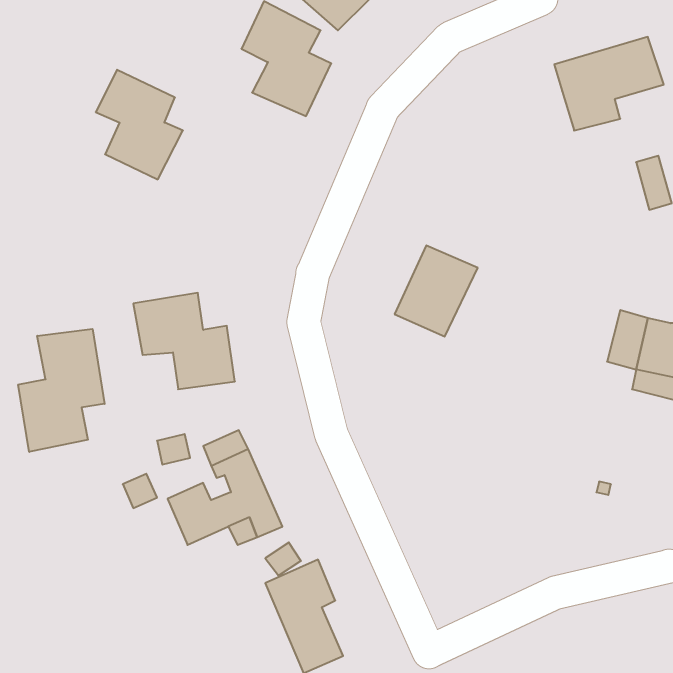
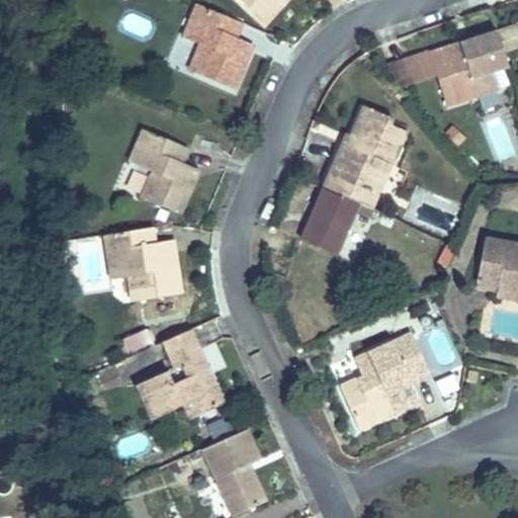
building: none -> [384,50,432,80]
building: [96,70,183,179] -> [132,132,198,215]
building: none -> [328,106,412,209]
building: [18,329,105,452] -> none
building: none -> [334,332,422,426]

